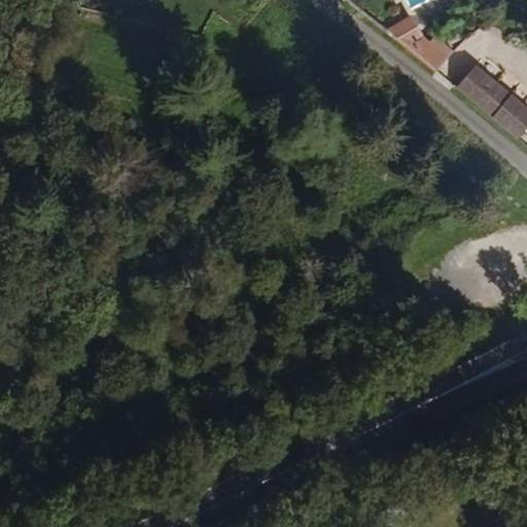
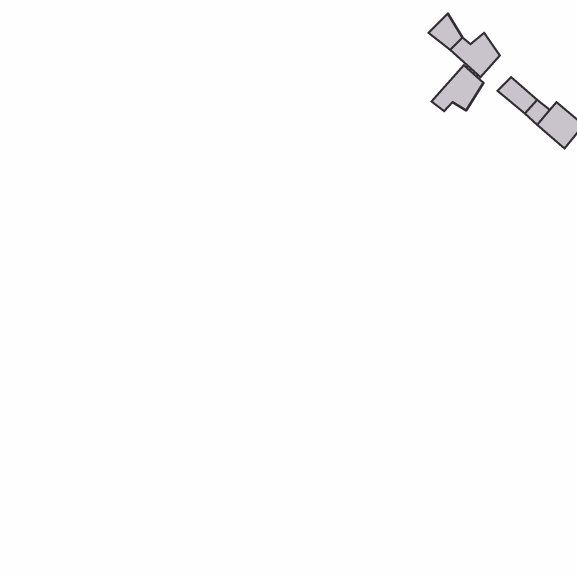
building: none -> [431,65,483,111]

